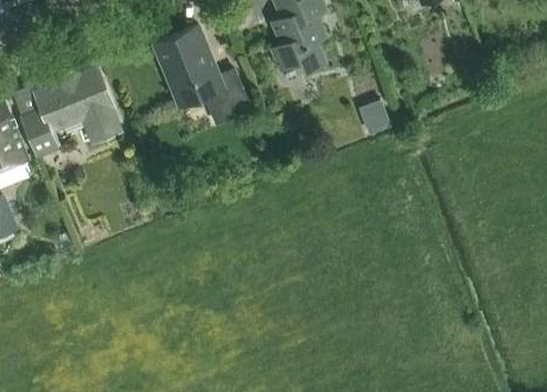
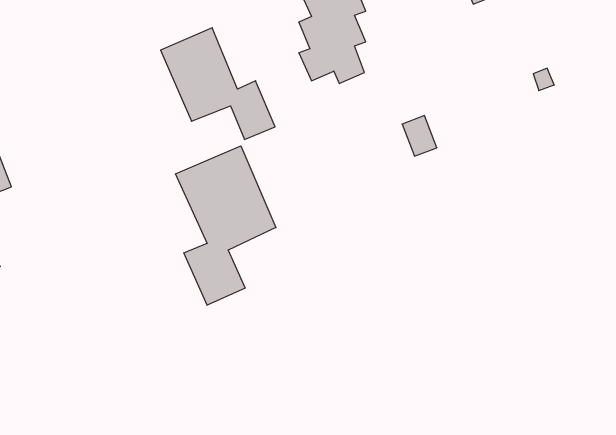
building: [23,69,120,157] -> none
building: none -> [176,146,276,305]

